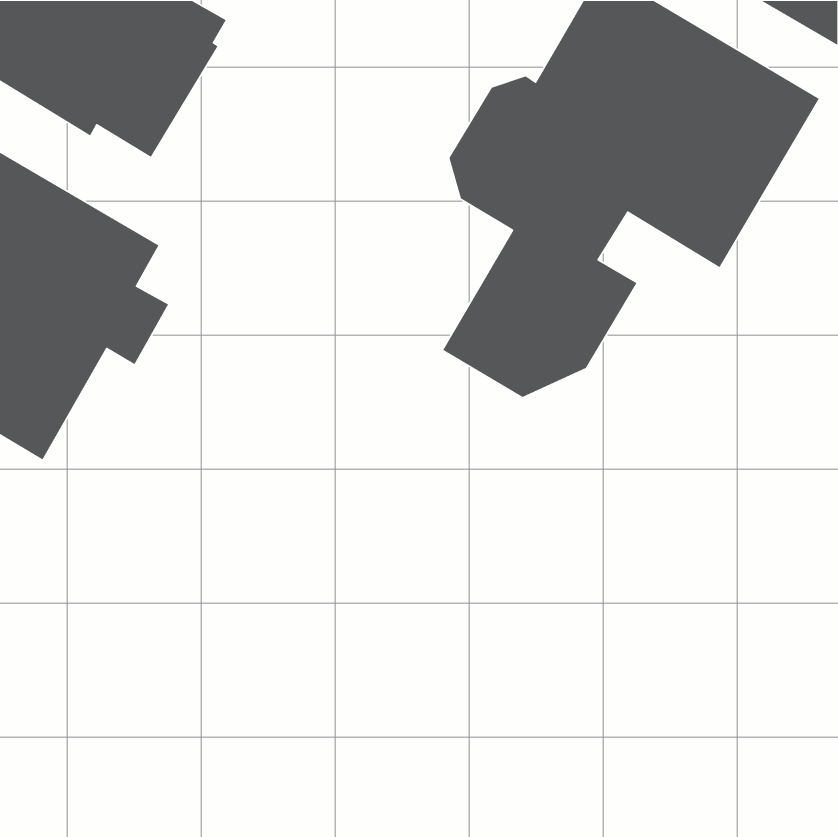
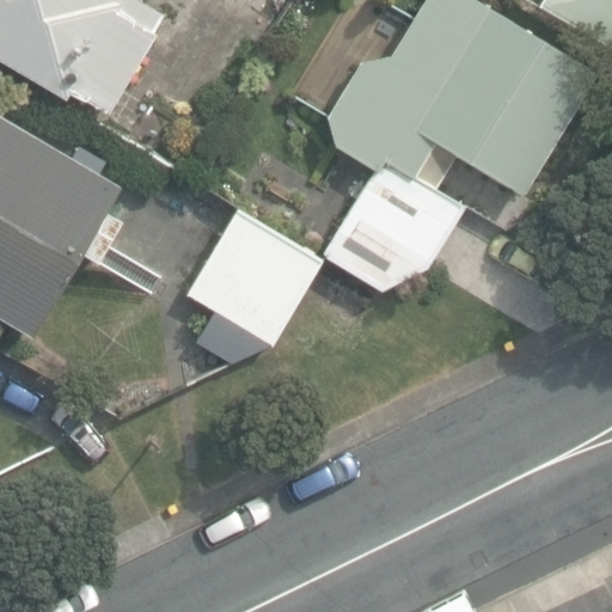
building: none -> [180,202,314,351]

